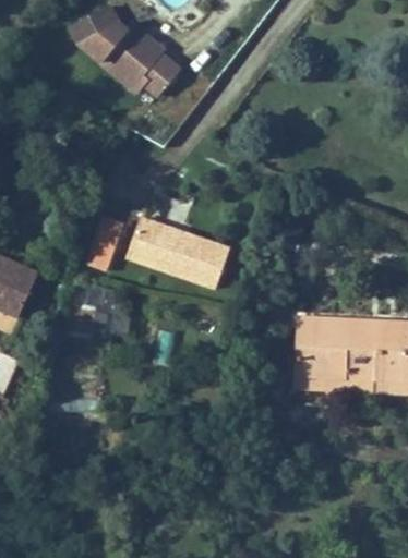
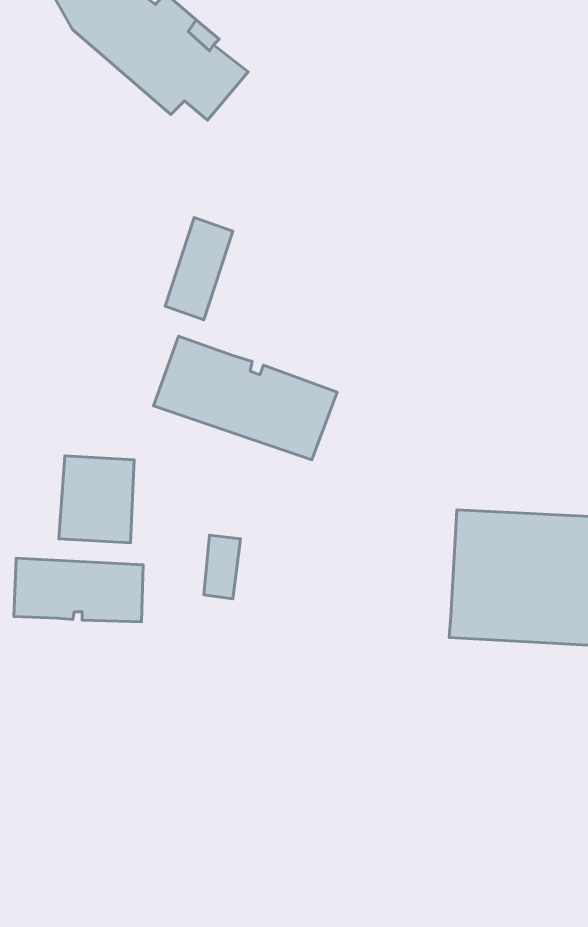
building: [86,215,124,272] -> [165,218,233,320]
building: none -> [14,558,143,622]

